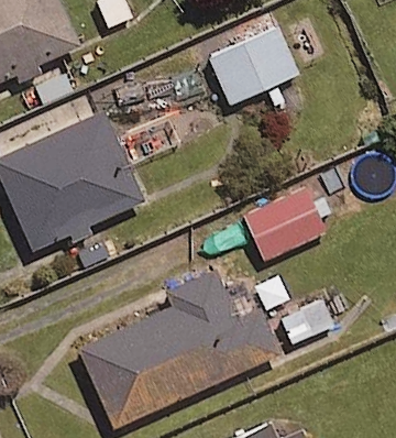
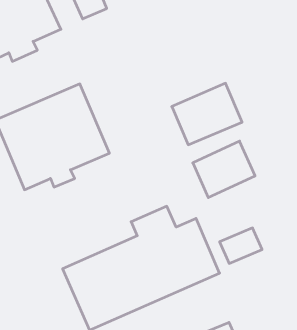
building: [209,25,298,103] -> [172,83,242,145]

